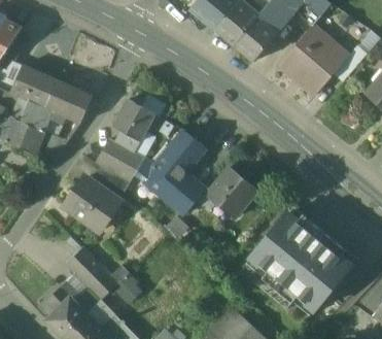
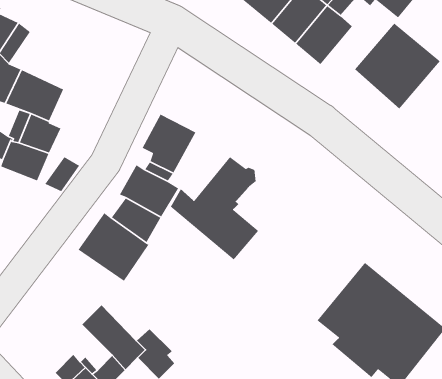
building: [44,80,91,123] -> none
building: [208,166,258,215] -> none

